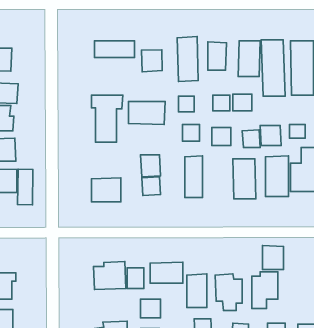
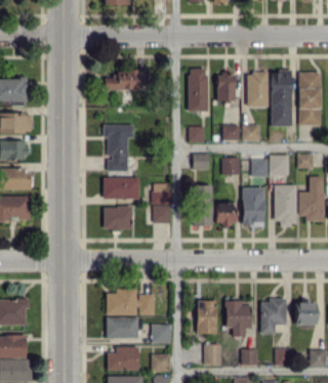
building: [142,50,162,72] -> none
building: [128,102,165,125] -> [104,177,139,200]
building: [18,169,33,205] -> none
building: none -> [215,202,236,224]
building: [262,245,283,270] -> [296,301,317,325]
building: [150,262,183,283] -> [107,316,138,337]

